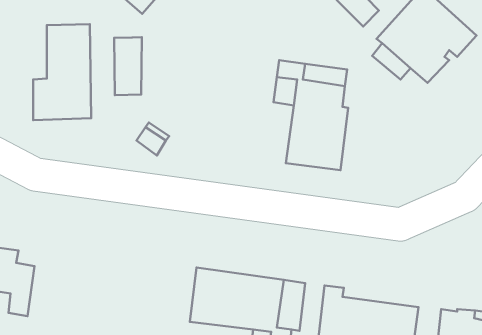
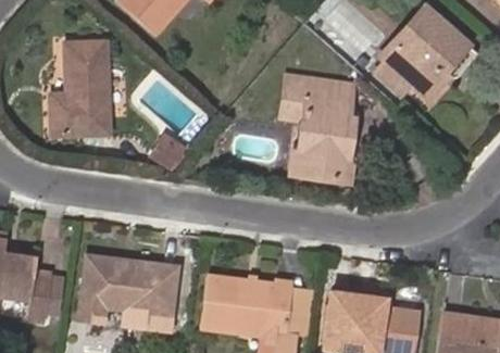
building: [114,37,142,95] -> none
building: none -> [78,259,177,330]

